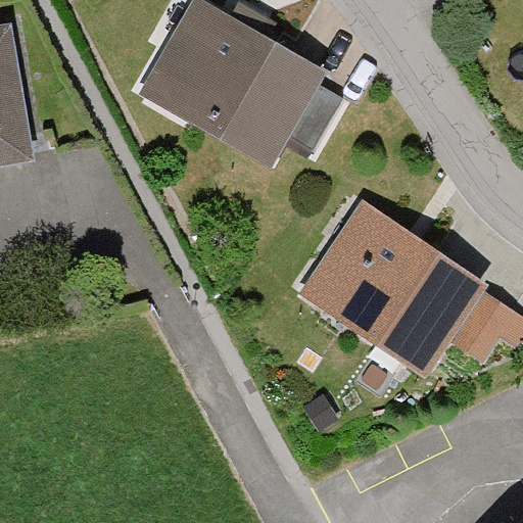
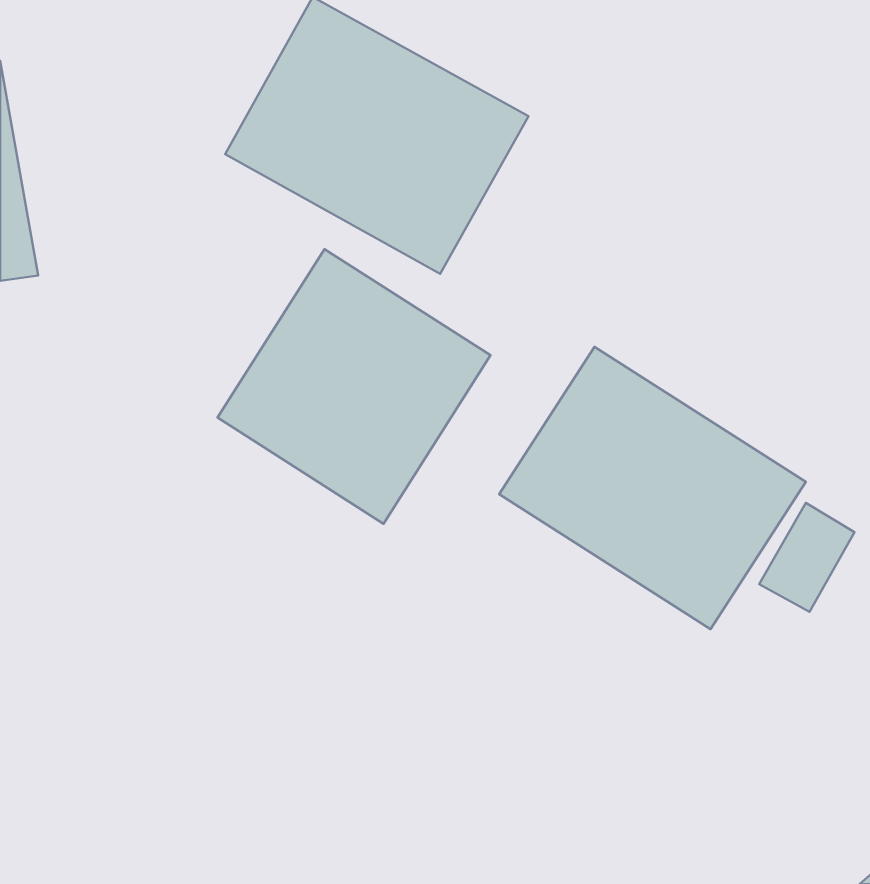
building: none -> [218,249,491,524]

